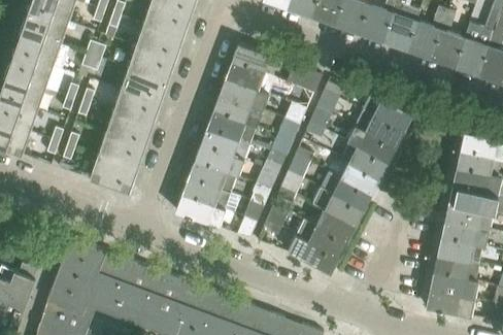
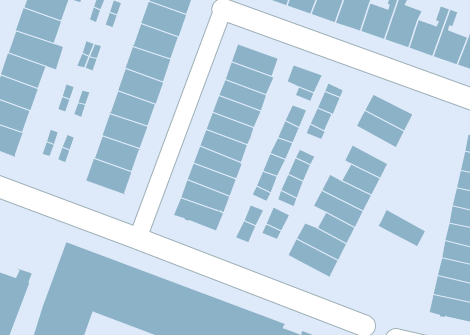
building: [346,125,394,162] -> [378,209,426,247]

